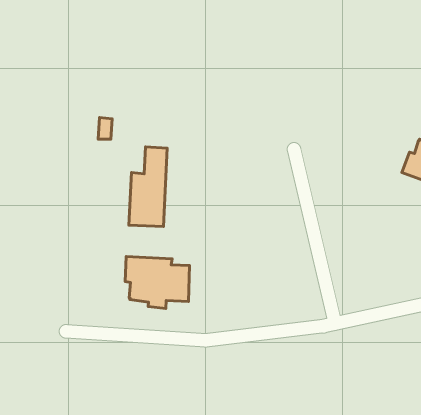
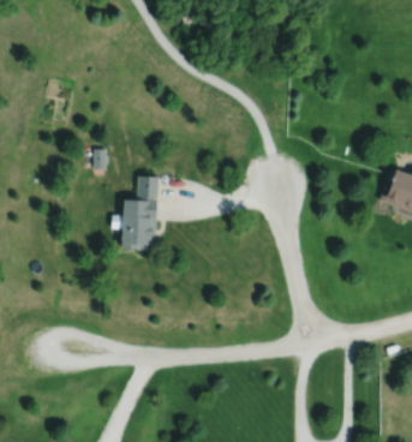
building: [125,257,189,309] -> none

